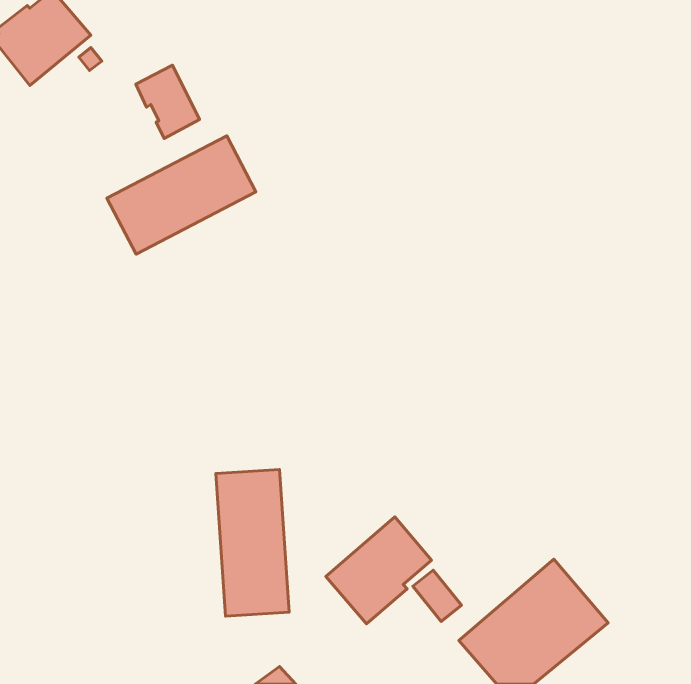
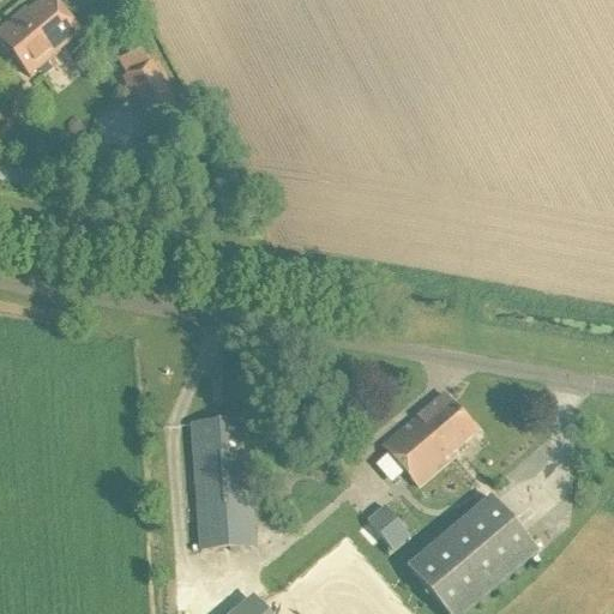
building: [107,136,256,254] -> none
building: [326,517,432,624] -> [381,387,475,482]

